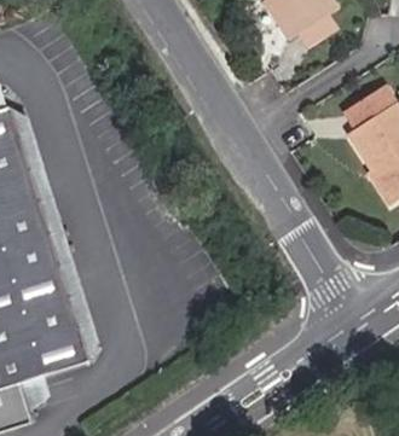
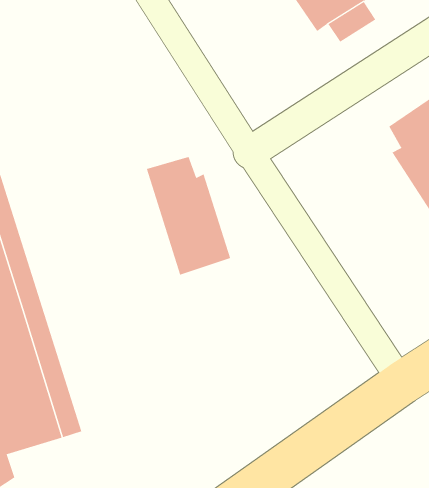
building: none -> [146,156,231,275]

